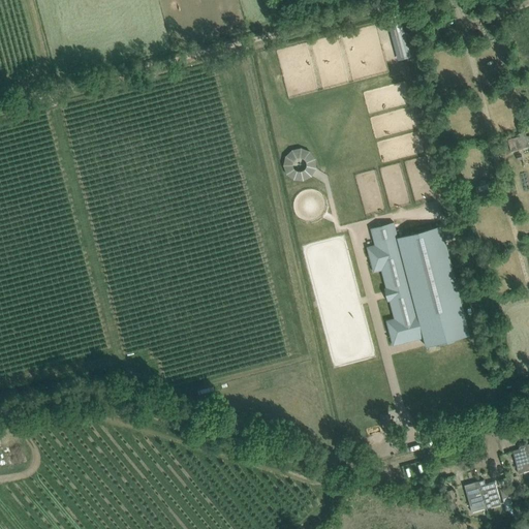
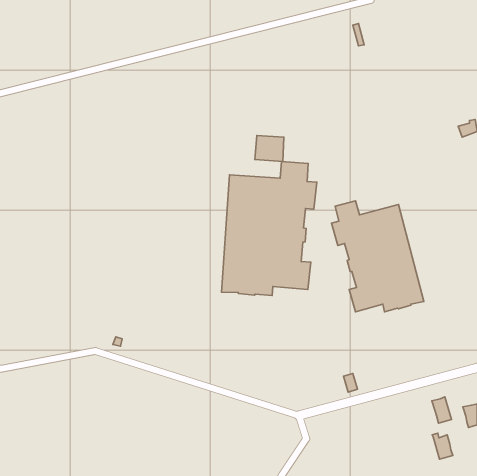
building: none -> [222,161,317,296]
building: [465,485,487,514] -> [432,397,451,423]

